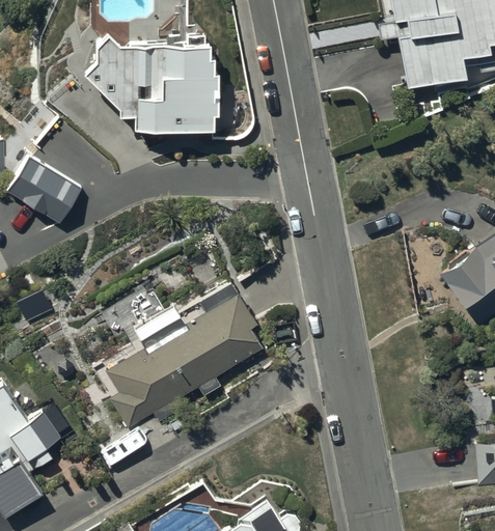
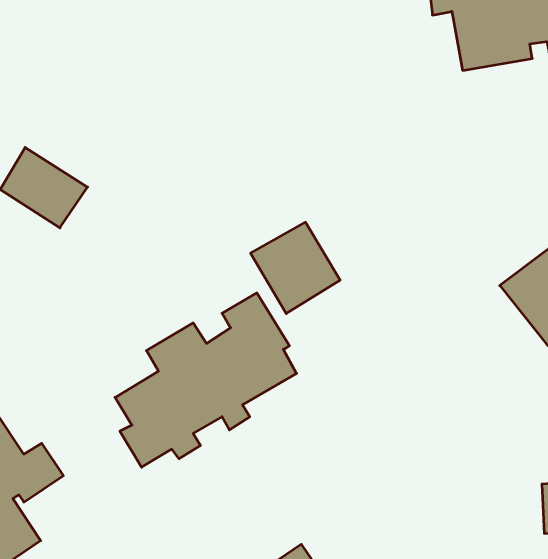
building: [84,34,219,131] -> none
building: none -> [251,222,340,314]

